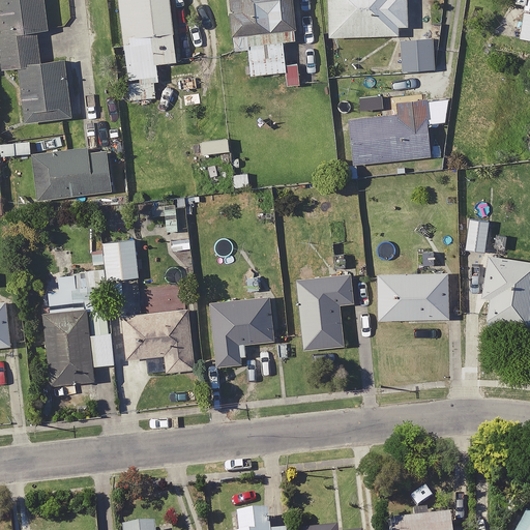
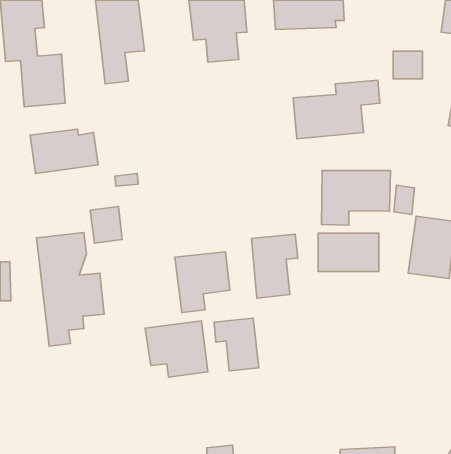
building: [399,37,433,69] -> [393,51,423,79]
building: none -> [321,170,390,225]
building: [131,311,204,376] -> [145,321,208,377]
building: none -> [214,318,259,371]

